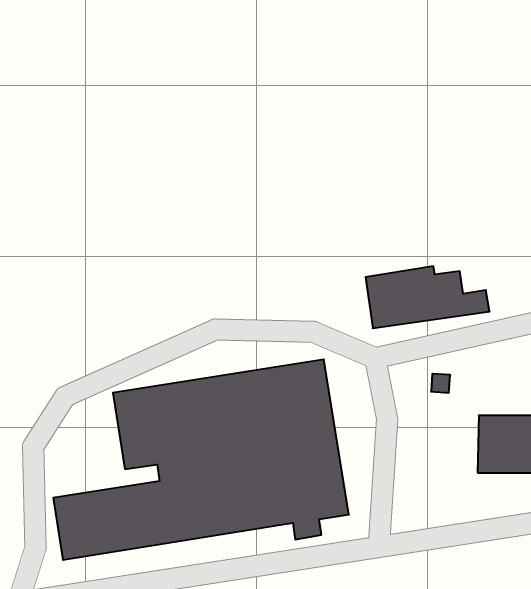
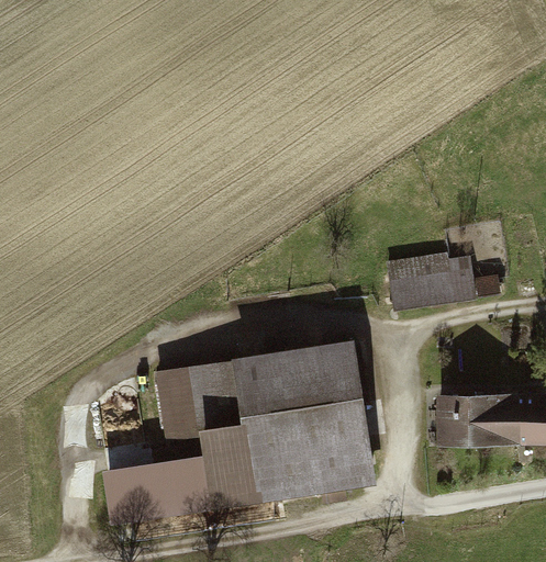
building: none -> [435,392,494,445]

